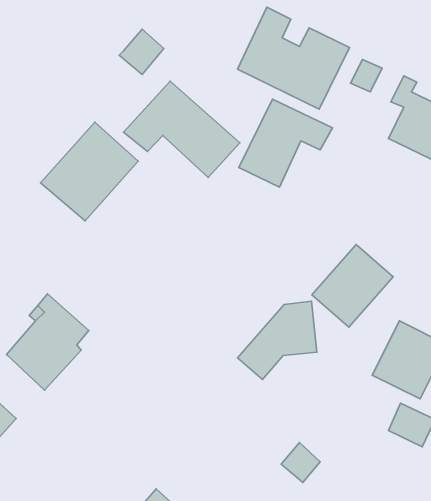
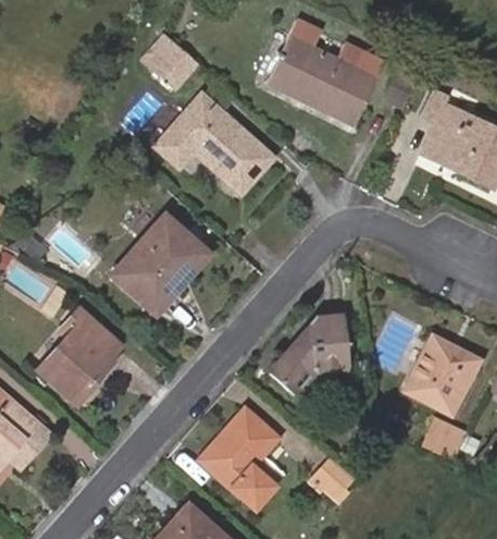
building: [239,99,332,187] -> none
building: [41,122,138,221] -> [110,215,208,314]
building: [312,244,393,327] -> none
building: none -> [199,408,277,510]

